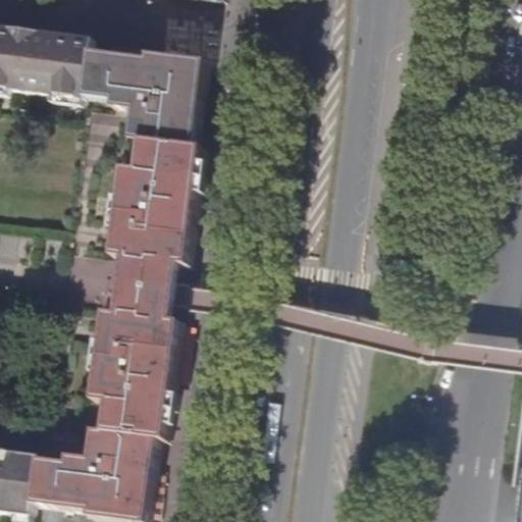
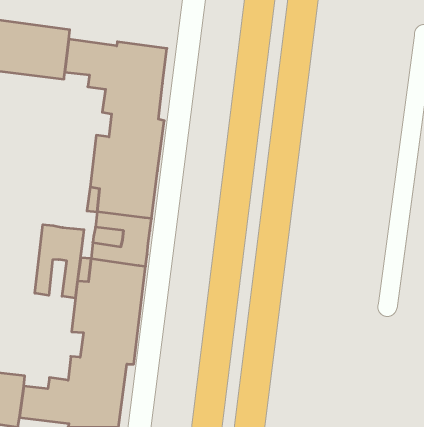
building: none -> [35,225,84,298]

